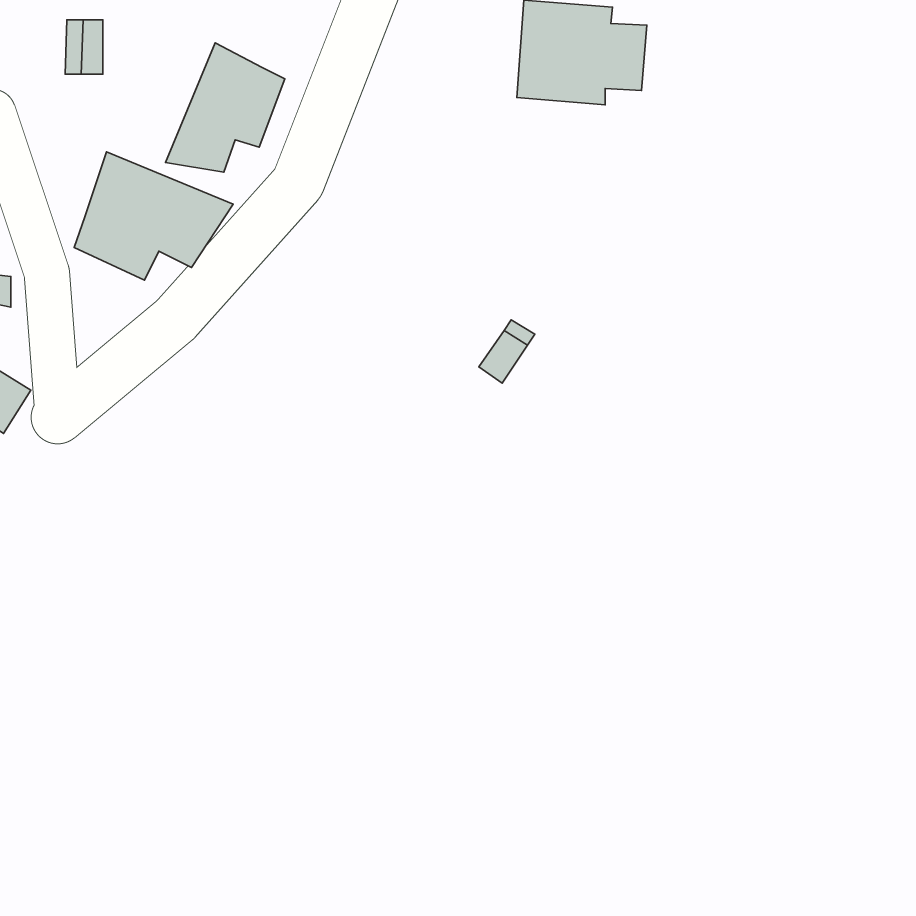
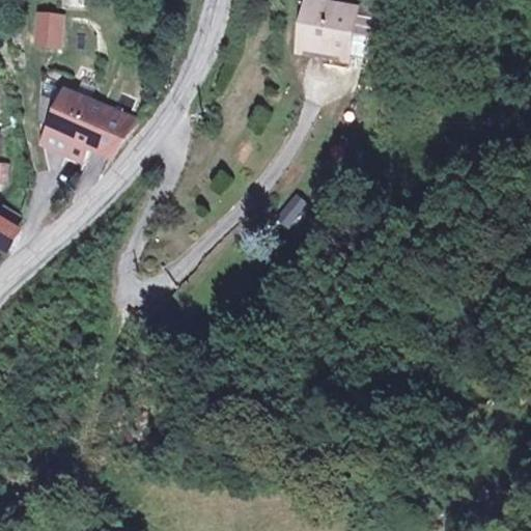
building: [166,43,285,172] -> none

